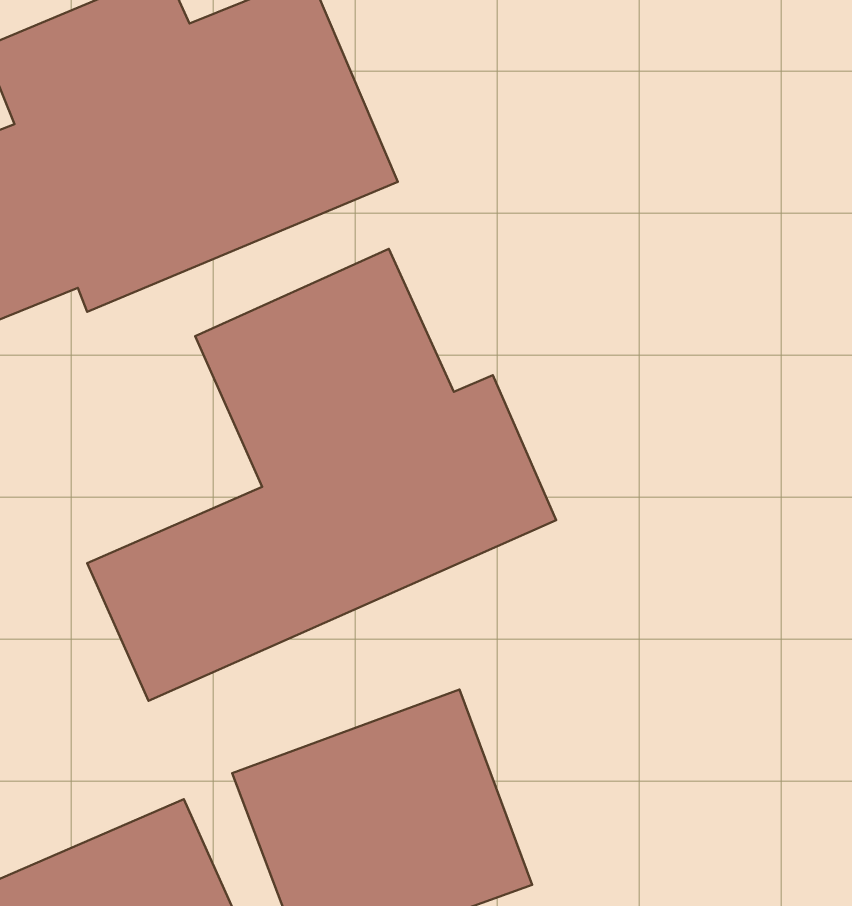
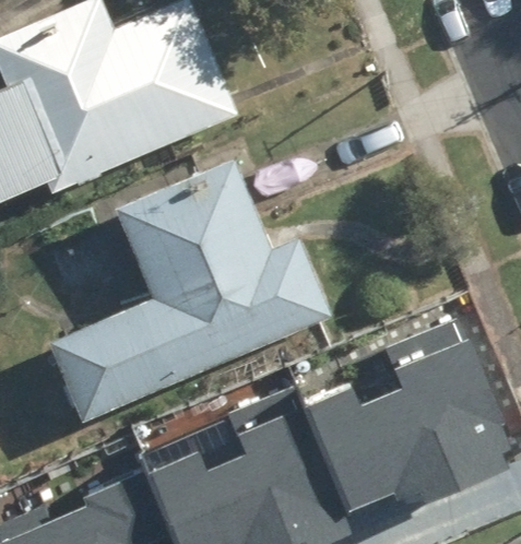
building: none -> [299,339,494,516]

